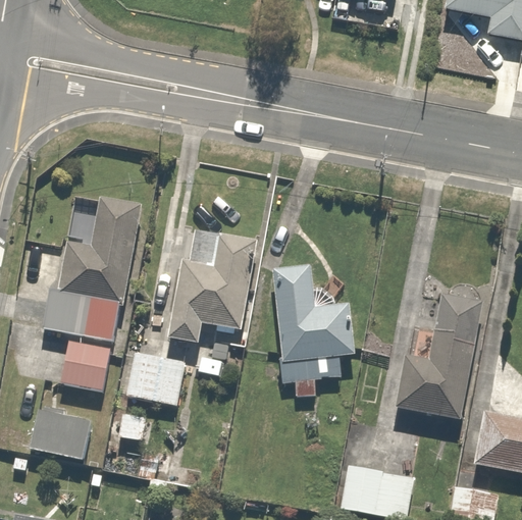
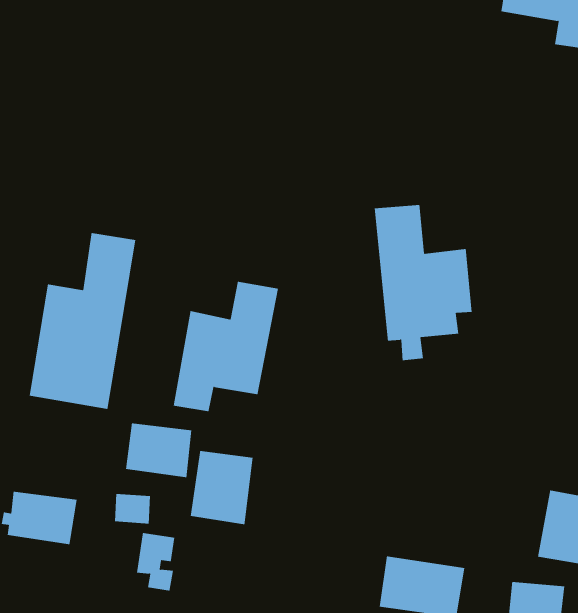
building: [273,267,356,398] -> [374,205,473,361]
building: [395,296,482,420] -> none
building: [61,340,110,387] -> none
building: none -> [190,450,253,525]

